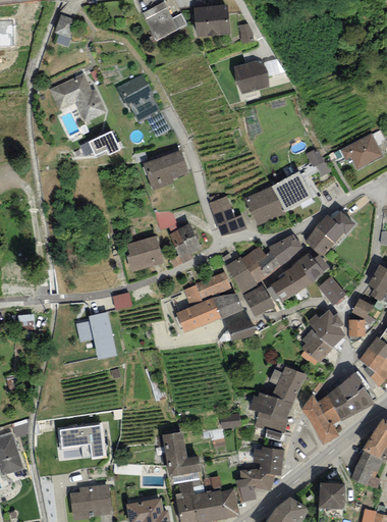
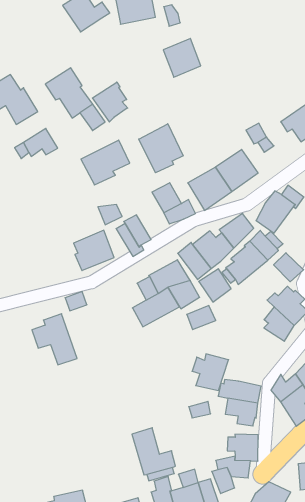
building: none -> [92,82,128,122]
building: none -> [139,124,183,173]
building: [269,366,306,403] -> [192,354,229,390]
building: [58,423,106,460] -> none

